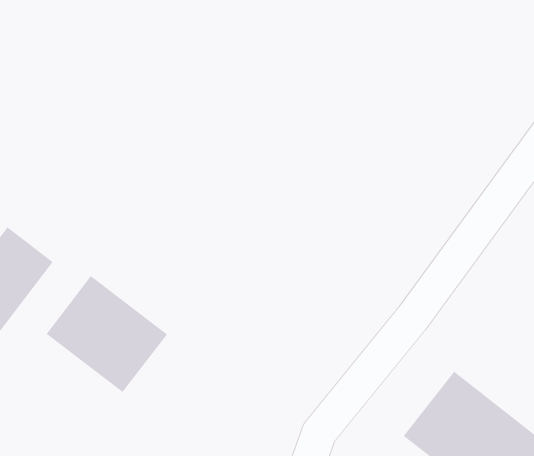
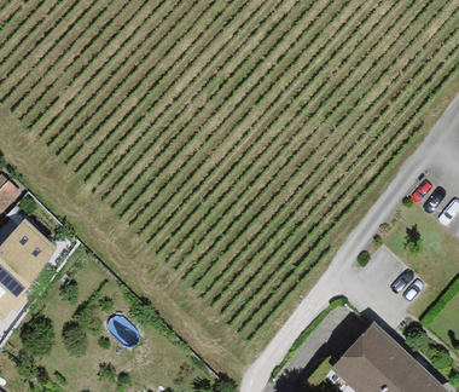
building: [46,275,168,393] -> none

